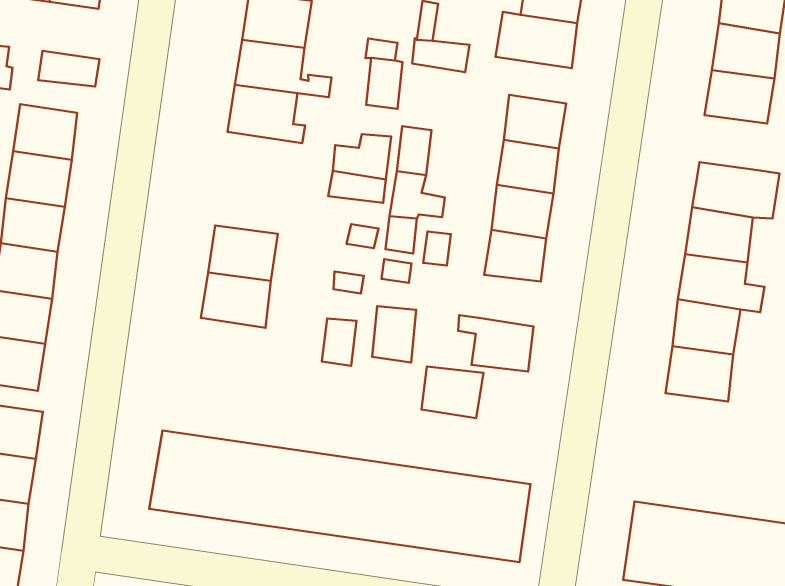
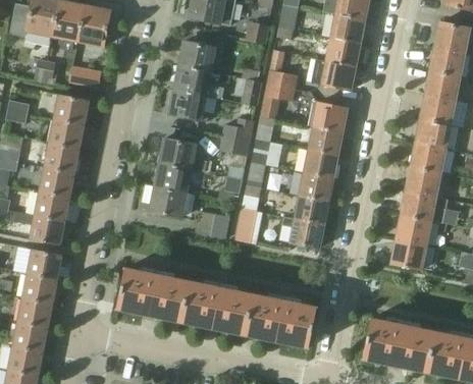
building: none -> [259,83,294,118]
building: none -> [414,118,451,149]
building: none -> [158,138,206,171]
building: [421,366,484,418] -> [294,196,327,224]

